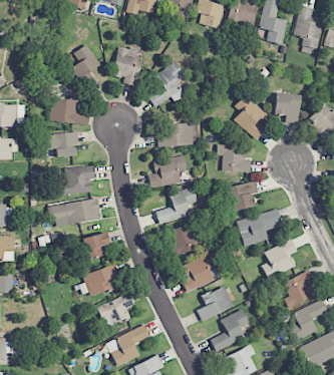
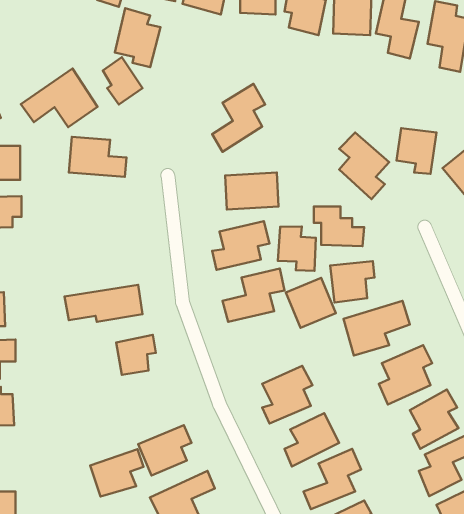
building: [111,45,142,85] -> [115,8,161,67]
building: none -> [21,69,97,127]
building: [46,131,78,156] -> none
building: none -> [278,227,316,271]
building: [59,165,94,193] -> none
building: [163,223,198,257] -> [286,278,336,328]
building: [83,263,119,295] -> [90,449,143,497]

